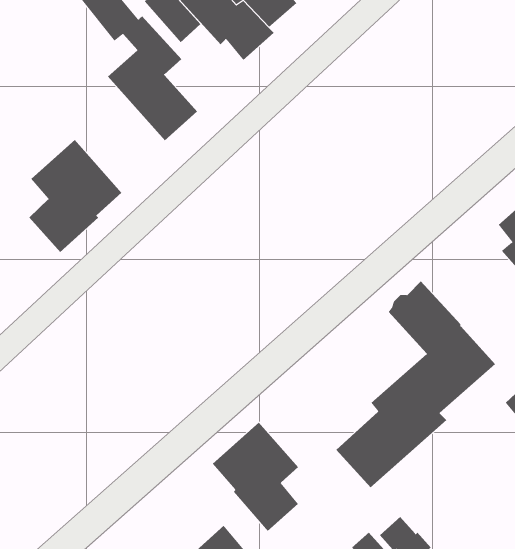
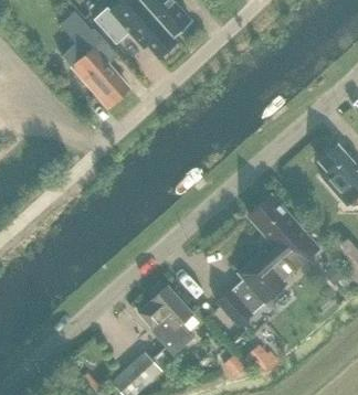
building: [29,139,122,253] -> none

